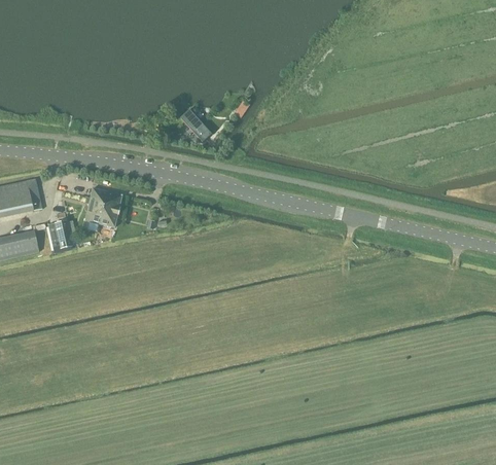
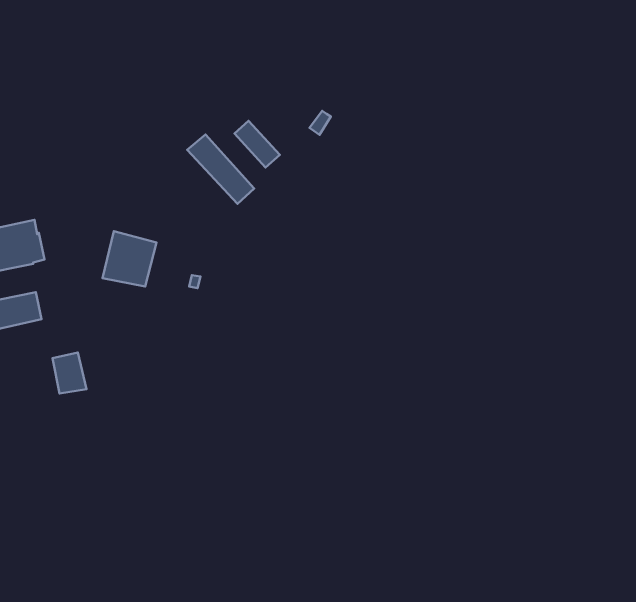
building: none -> [187,134,254,204]
building: [47,219,72,249] -> [52,352,86,393]

